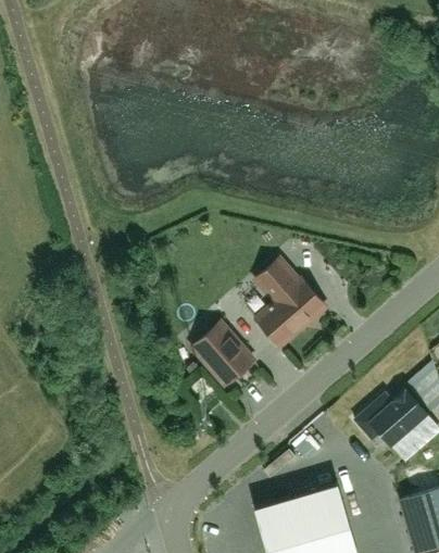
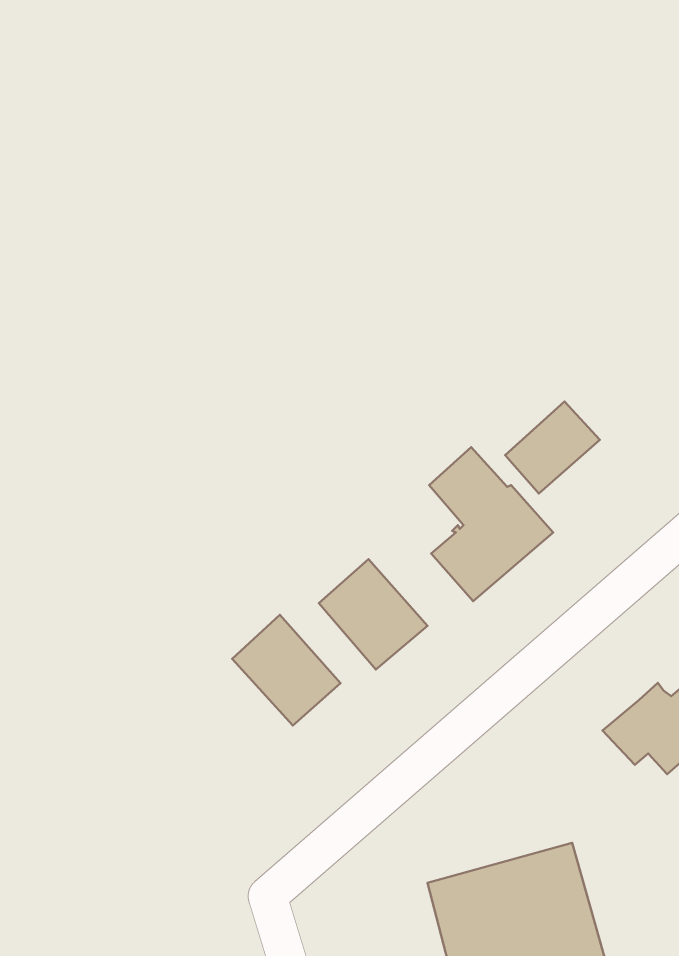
building: none -> [505,402,600,493]
building: none -> [232,615,340,725]

